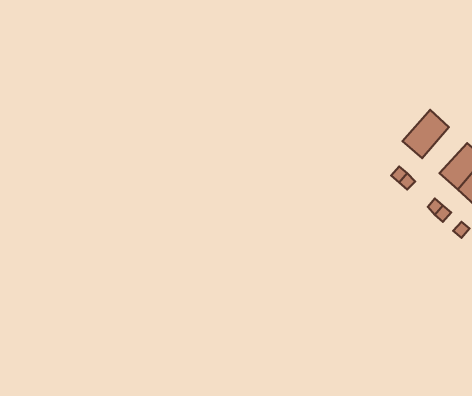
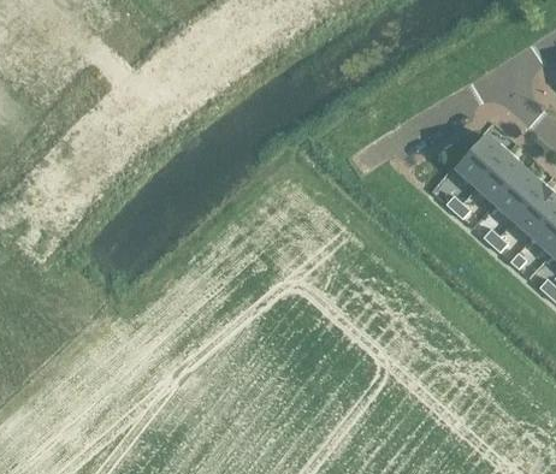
building: none -> [478,154,525,202]

